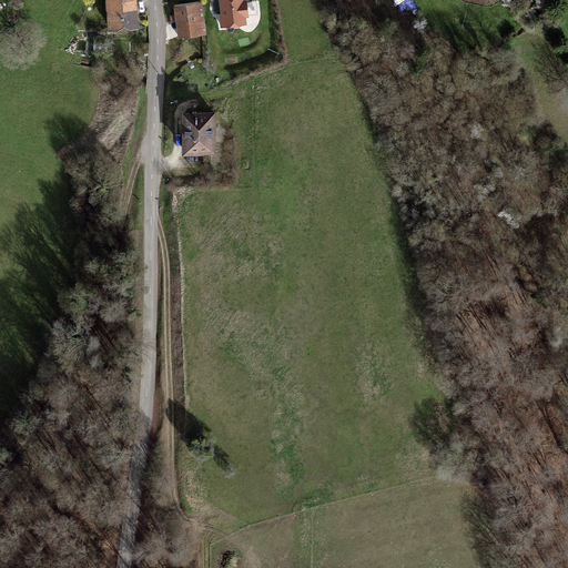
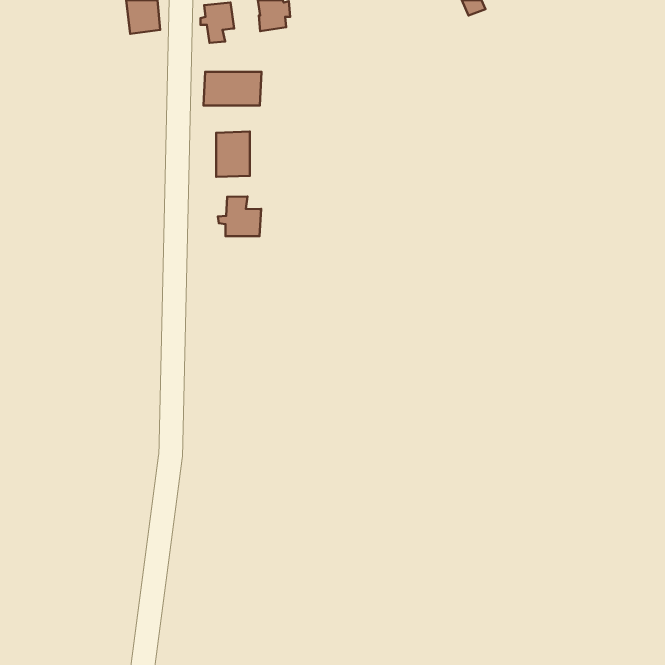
building: none -> [204,72,261,105]
building: none -> [218,196,261,236]

